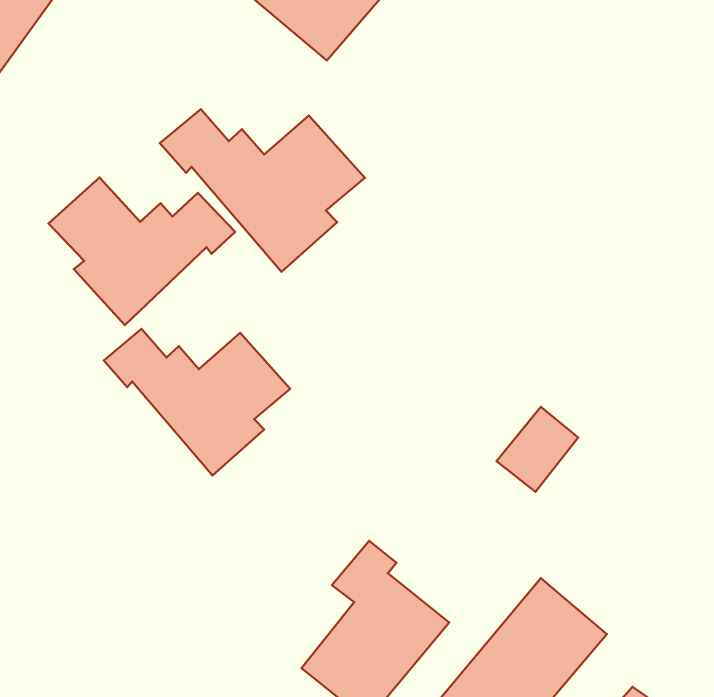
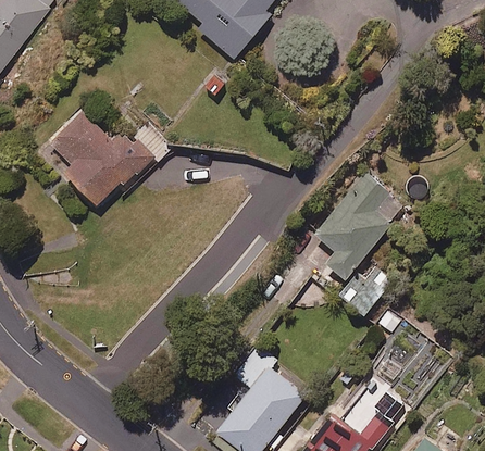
building: [160,109,365,272] -> none
building: none -> [313,176,403,271]
building: [104,329,290,475] -> none

